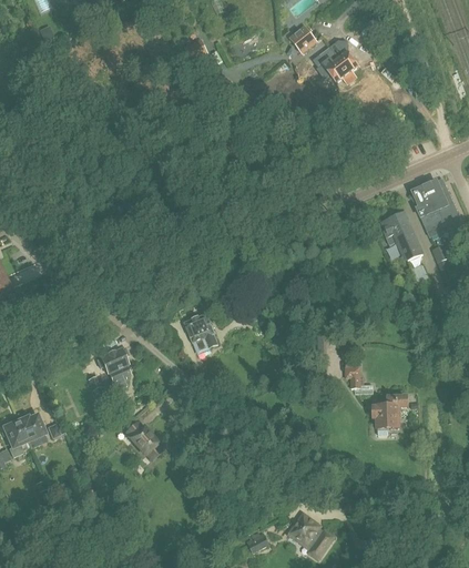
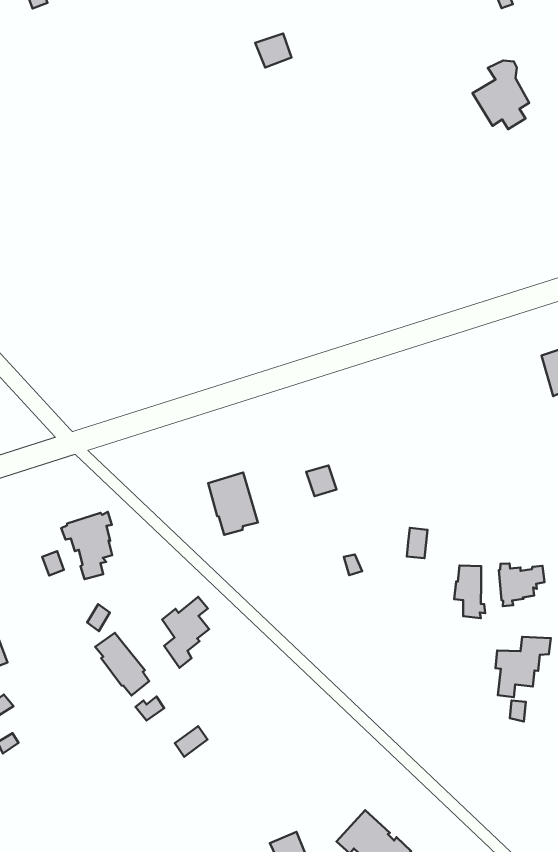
building: [287,23,317,53] -> none
building: none -> [499,564,544,606]
building: none -> [162,597,209,668]

